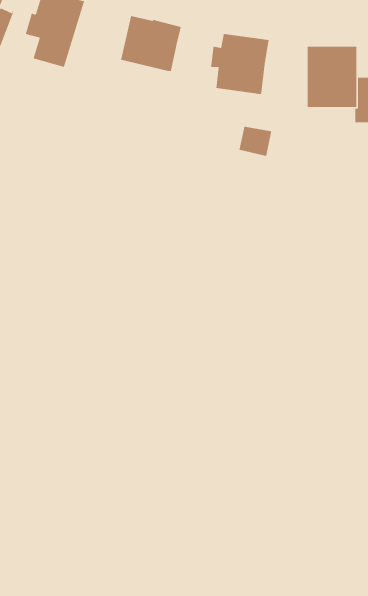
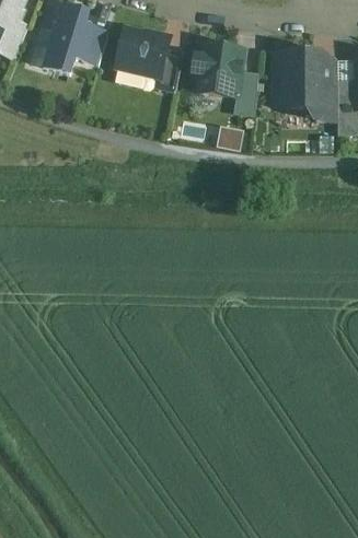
building: none -> [74,26,107,63]
building: none -> [157,50,182,91]
building: none -> [233,70,258,112]

